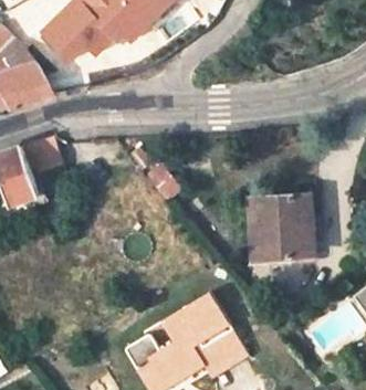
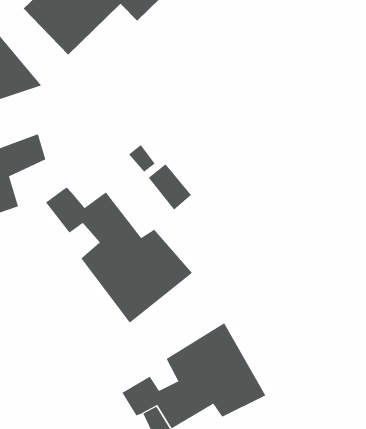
building: none -> [45,186,193,324]
building: [249,190,311,257] -> none

